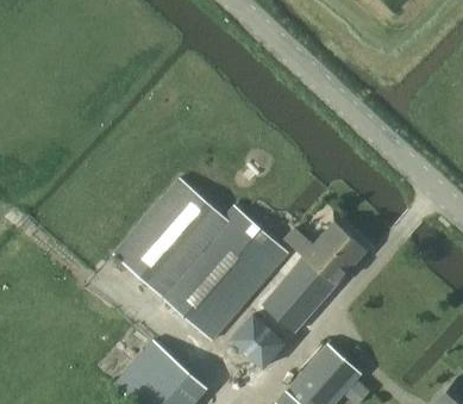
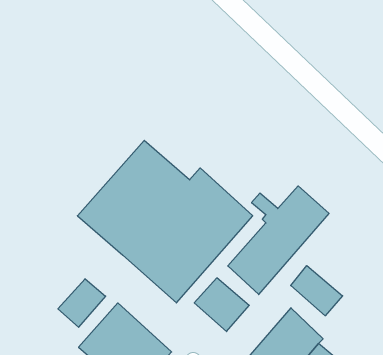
building: none -> [291,266,343,316]
building: none -> [58,279,106,327]

